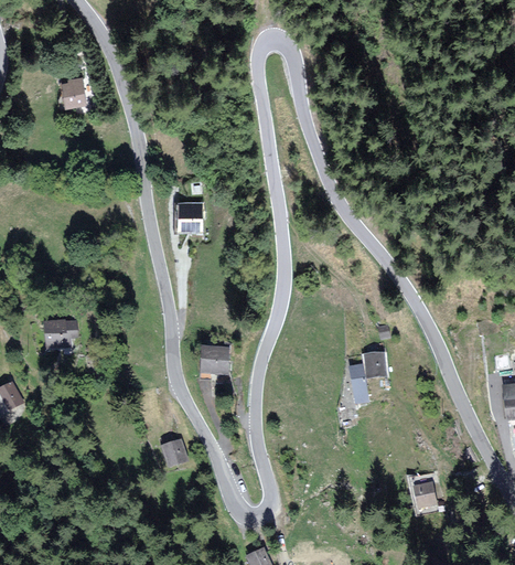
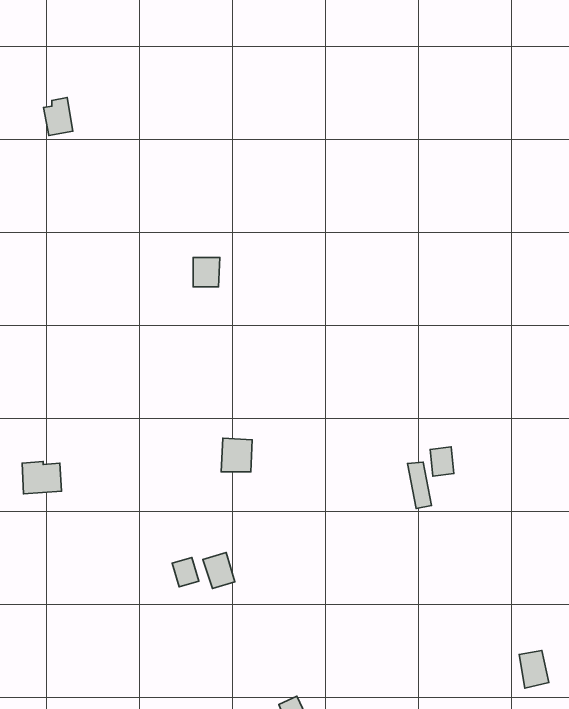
building: [45,320,76,345] -> [22,462,61,494]
building: none -> [203,553,235,588]
building: [414,482,437,512] -> [519,650,549,688]

